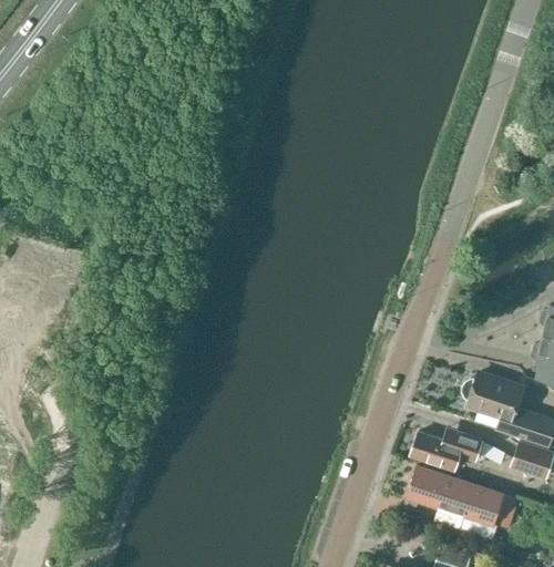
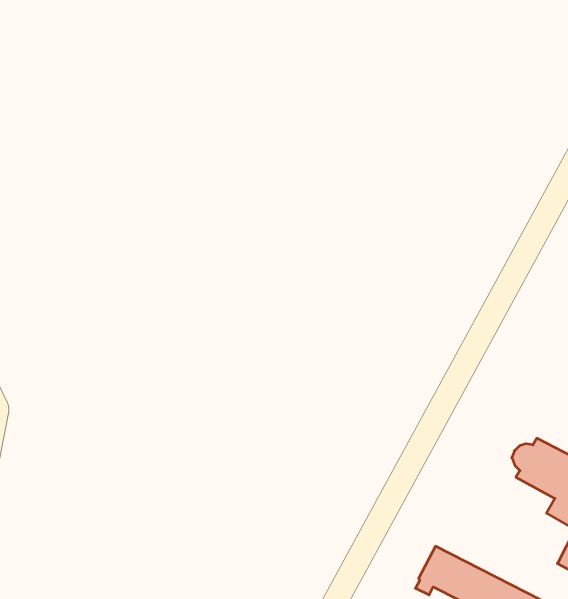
building: [412,429,482,471] -> none

